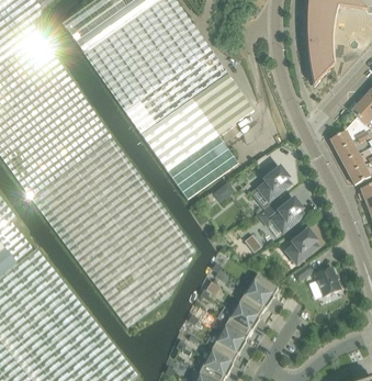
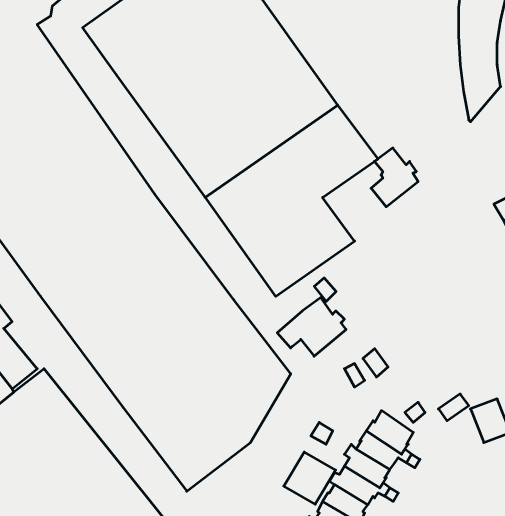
building: [259,163,290,201] -> [371,148,418,207]
building: [259,194,304,233] -> [277,297,346,356]
building: [286,225,318,264] -> none
building: none -> [284,452,336,504]

